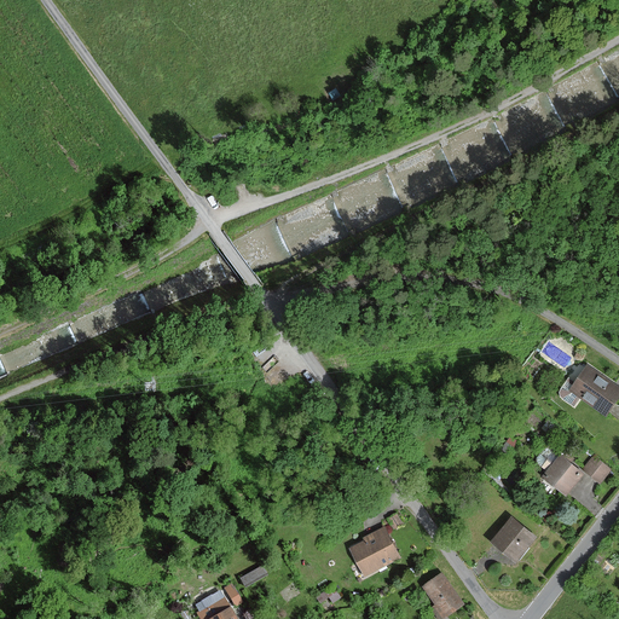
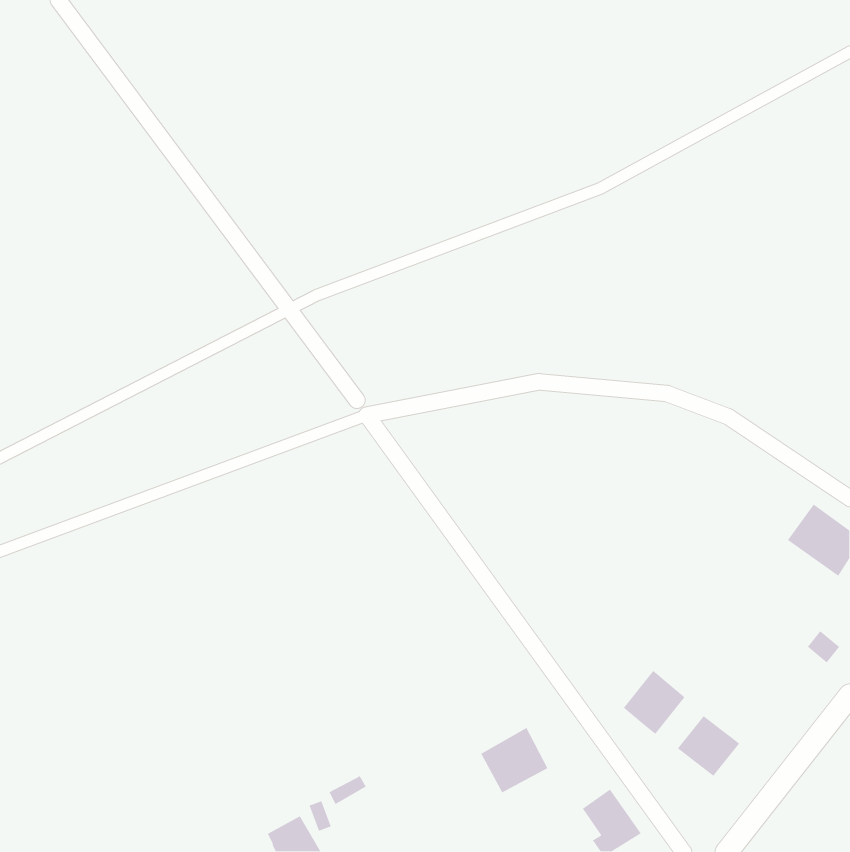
building: [544,455,583,493] -> none
building: none -> [623,670,686,735]

